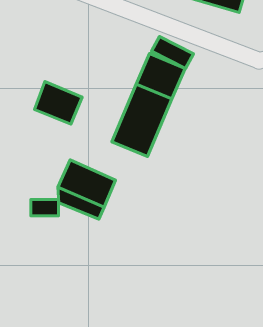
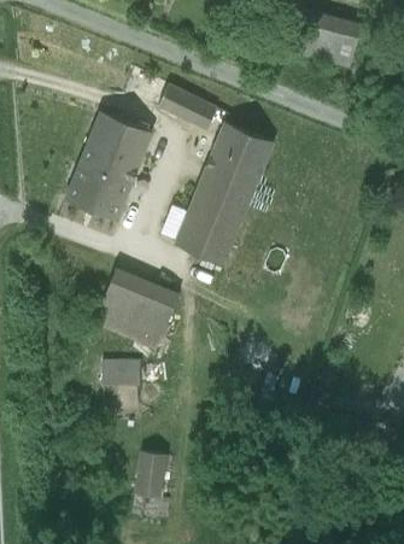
building: [152,36,193,69] -> [159,86,217,130]
building: none -> [81,113,152,183]
building: [31,199,59,216] -> [101,362,140,385]
building: none -> [135,451,166,496]

